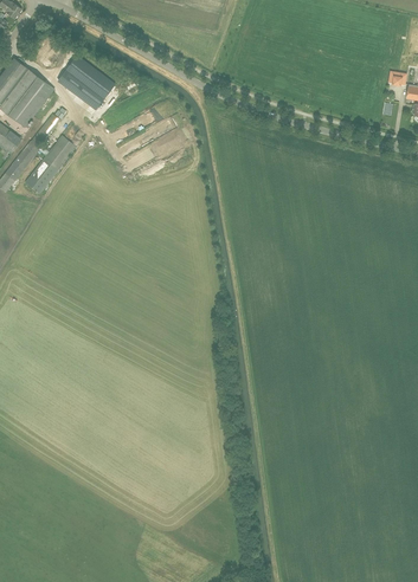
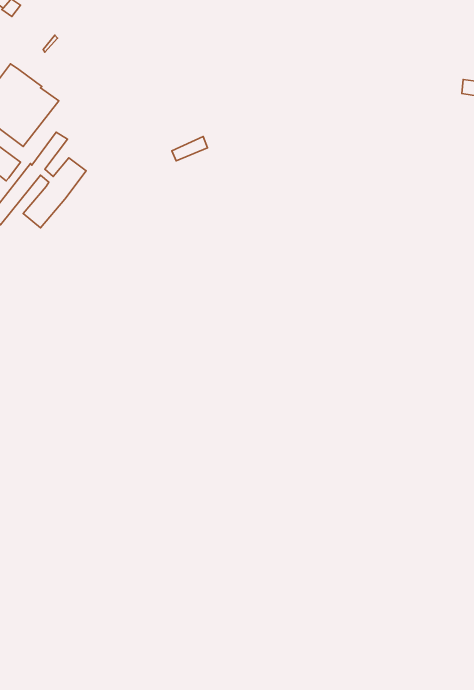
building: [58,56,115,109] -> none

